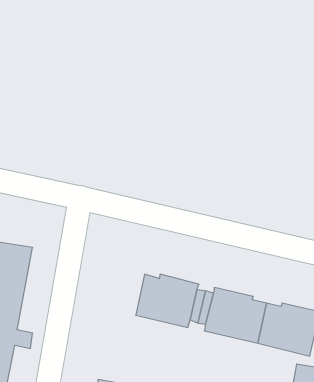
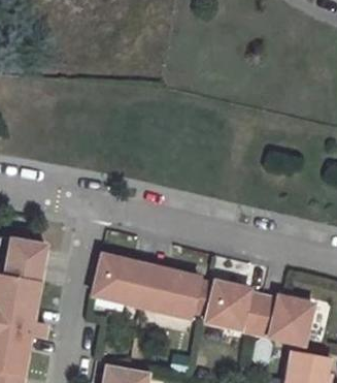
building: none -> [94,254,151,307]

